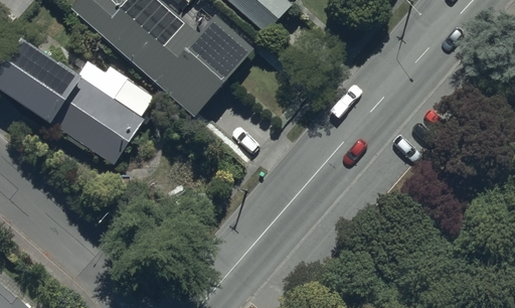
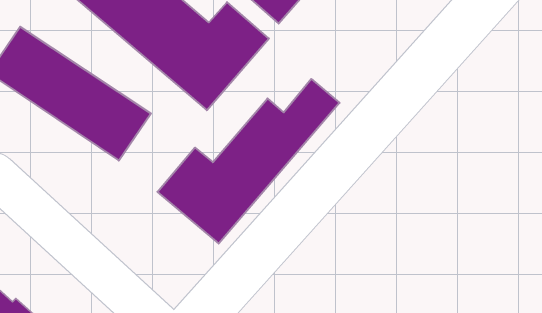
building: none -> [157,79,340,244]

